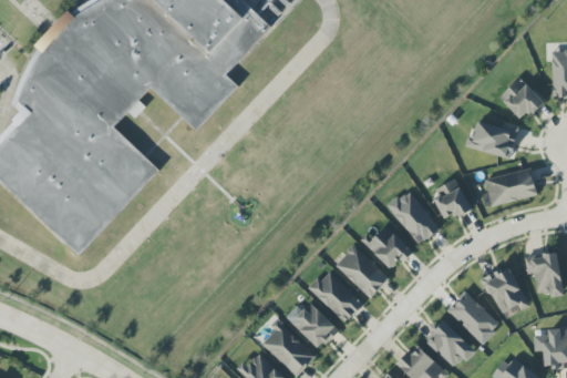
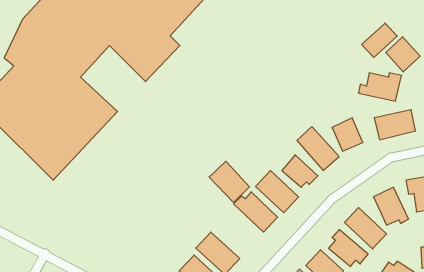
building: none -> [362,23,397,57]
building: [287,298,338,350] -> [209,161,249,203]

